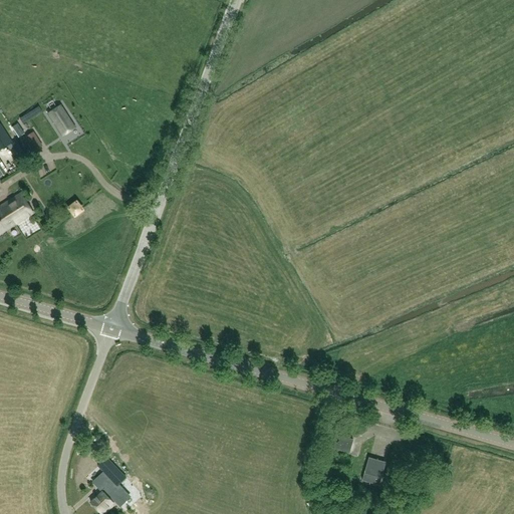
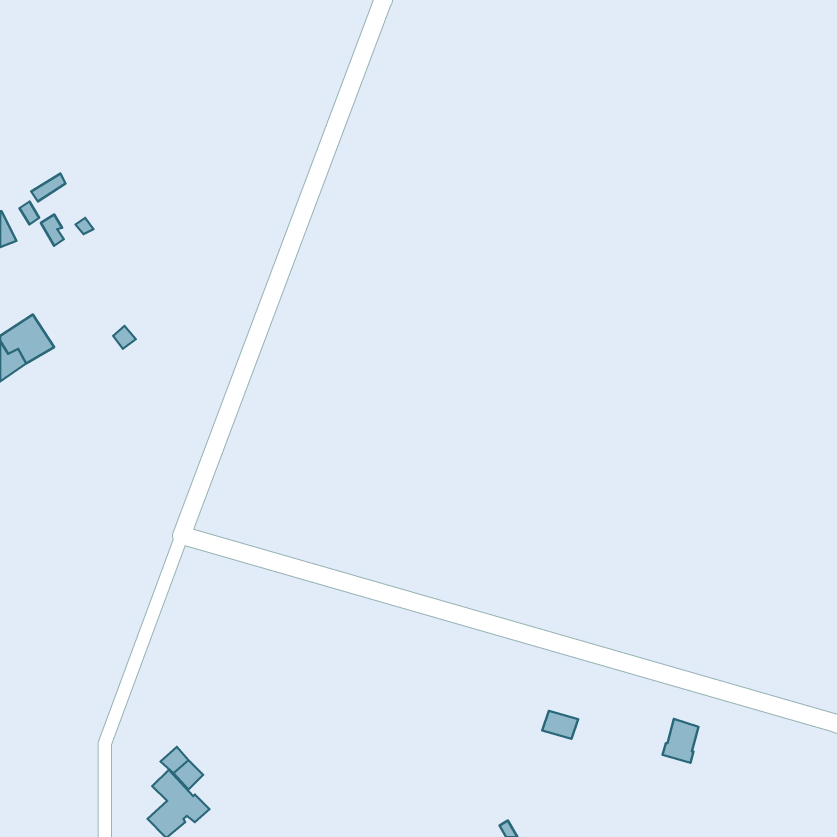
building: [49,104,75,135] -> none
building: [363,459,386,486] -> [663,719,699,763]

